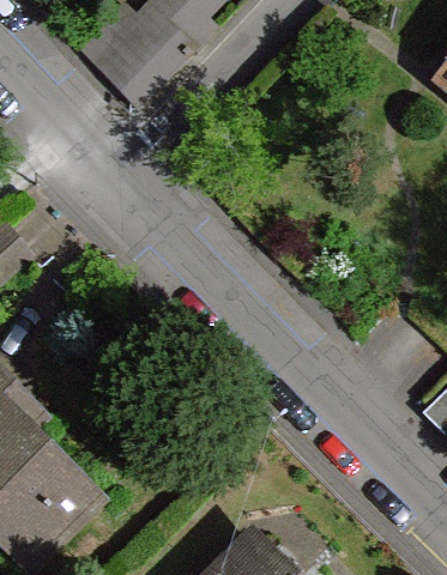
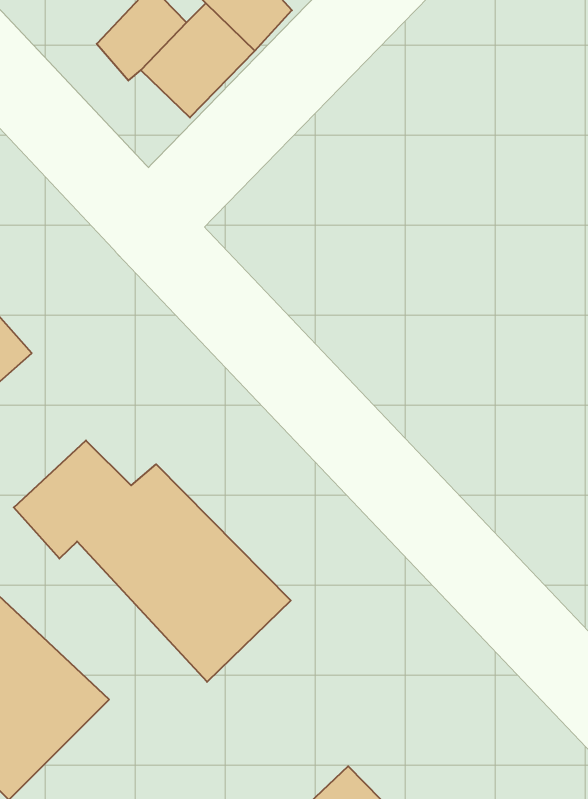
building: none -> [14,440,291,682]

